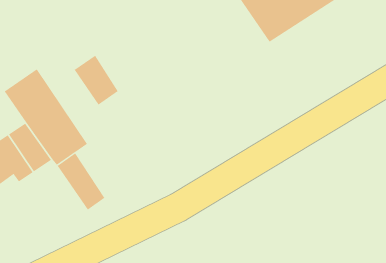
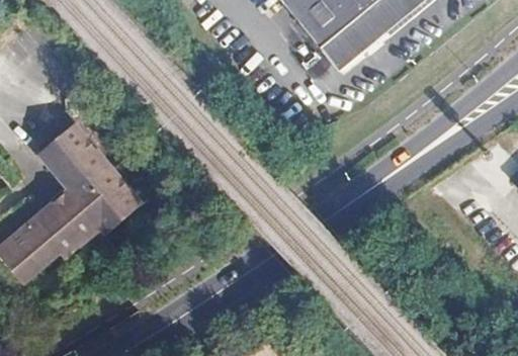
building: [74,55,119,106] -> none
building: [57,153,105,210] -> none

